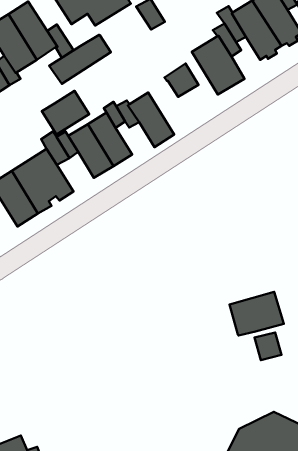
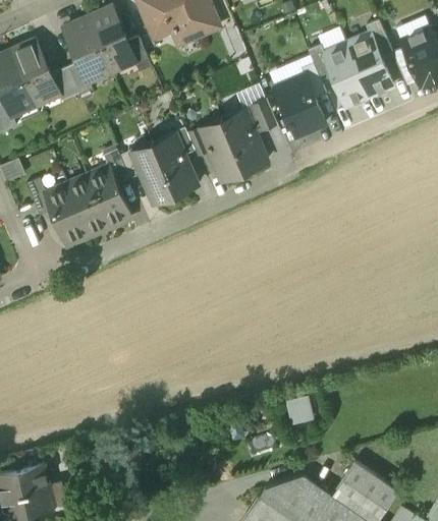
building: [49,35,111,84] -> none
building: none -> [223,113,266,170]
building: [42,91,89,134] -> none
building: [229,292,284,335] -> none

